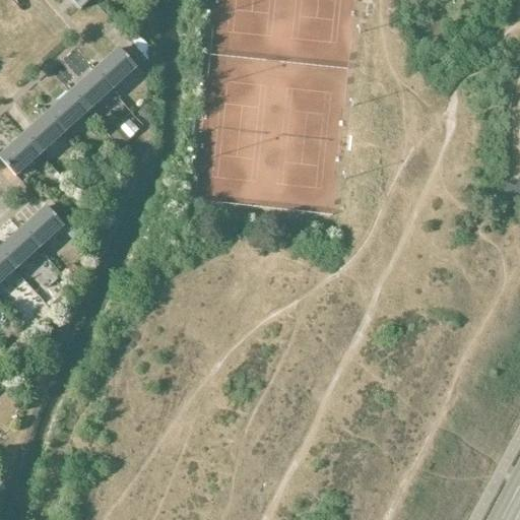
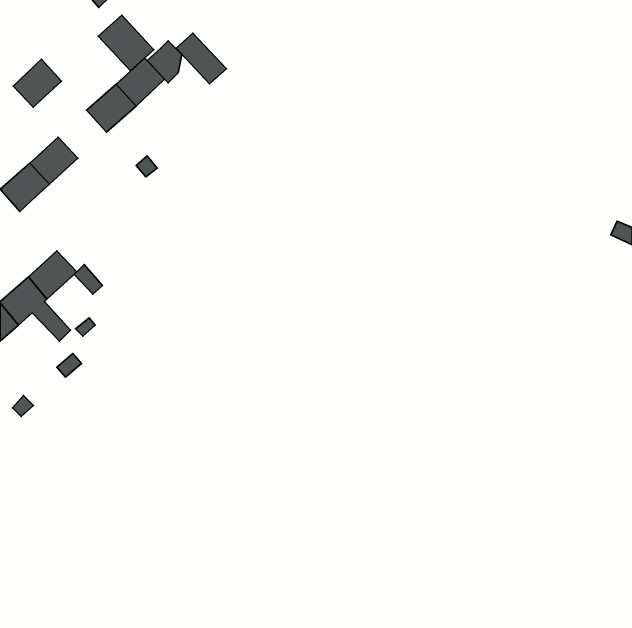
building: none -> [98,15,154,71]
building: none -> [176,33,226,84]
building: [48,90,87,130] -> [13,59,61,107]

